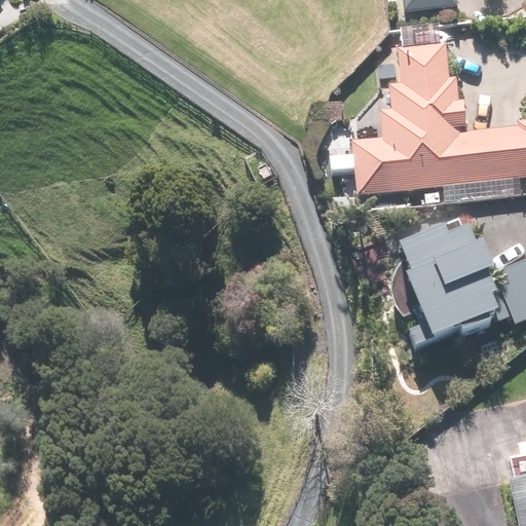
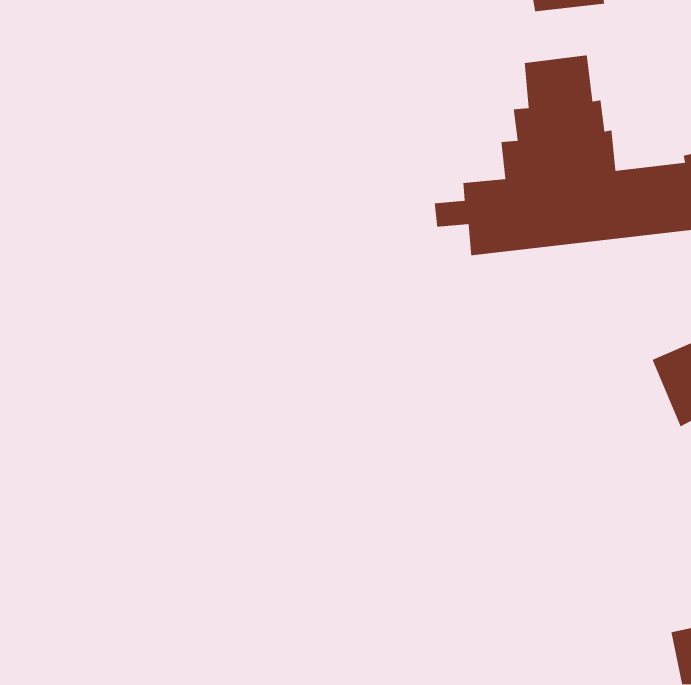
building: [397,230,497,348] -> none

